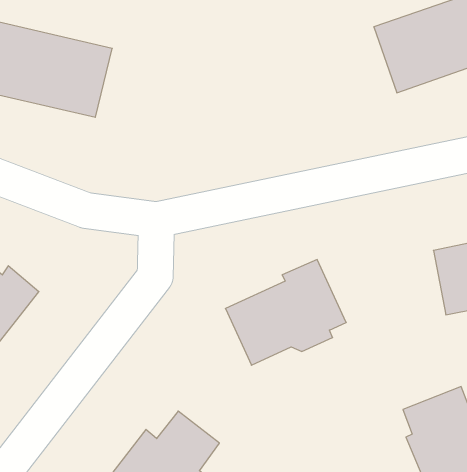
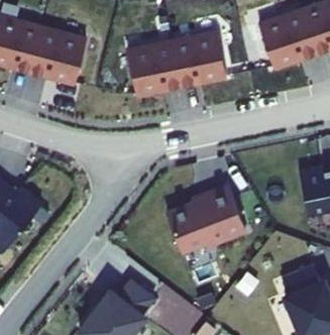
building: none -> [127,34,228,97]

